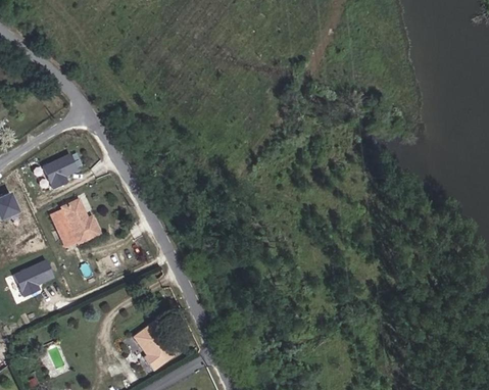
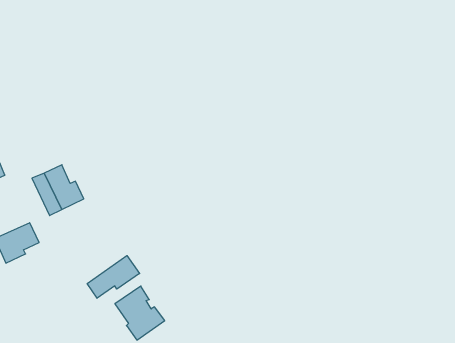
building: [43,151,84,188] -> none
building: none -> [87,256,140,298]

